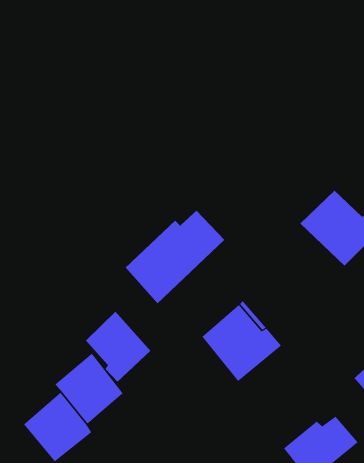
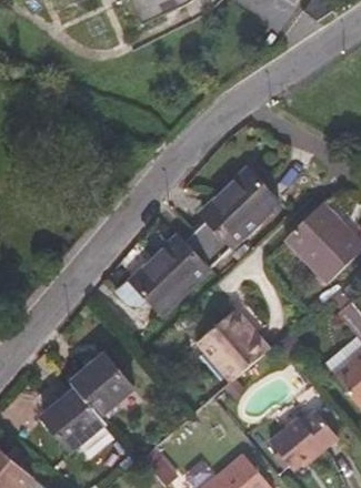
building: none -> [195,169,278,254]
building: [85,311,151,383] -> none

